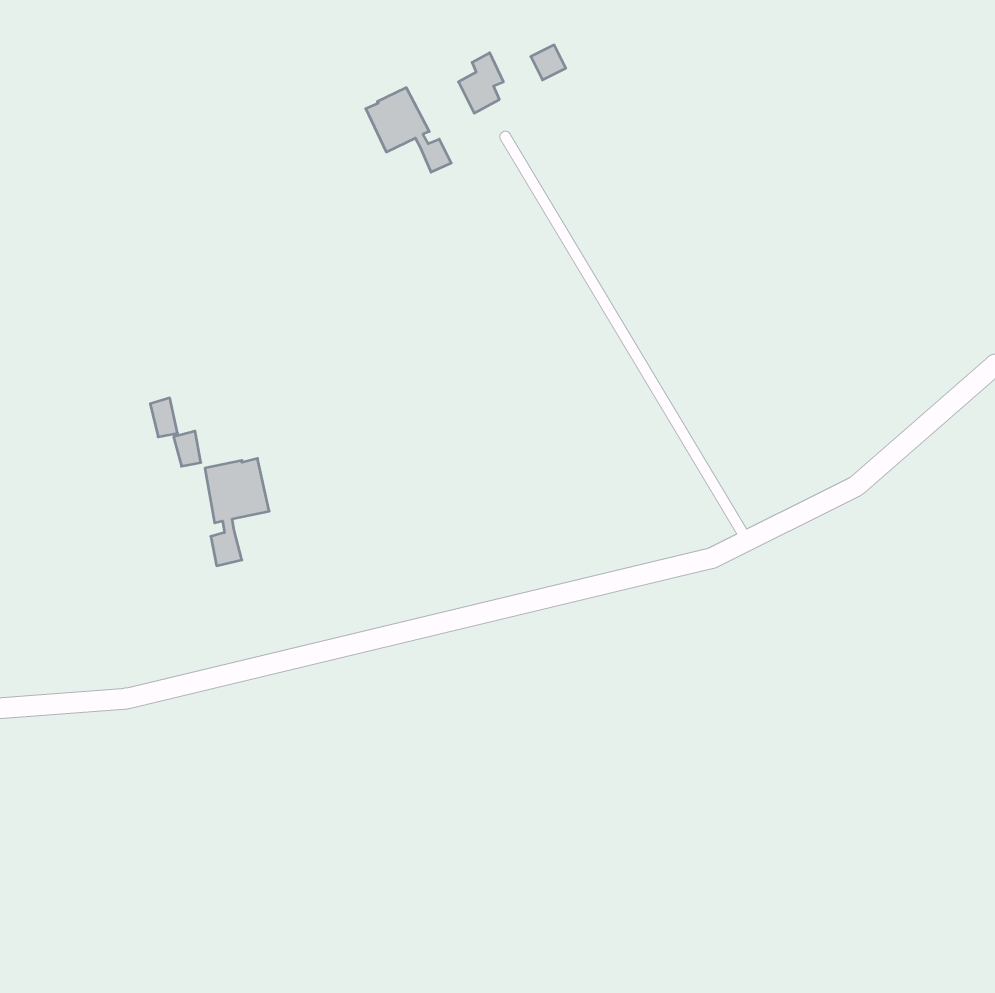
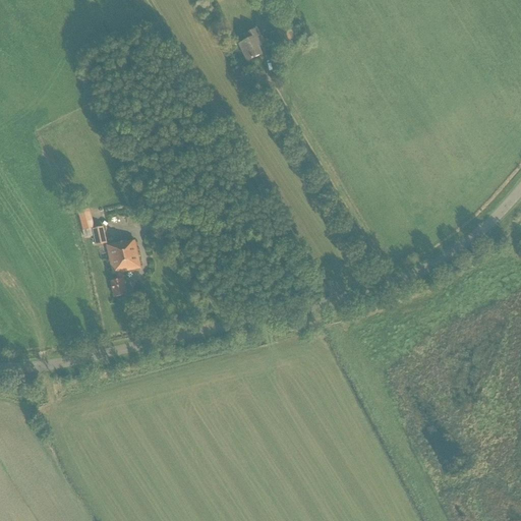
building: [366,88,451,172] -> none

